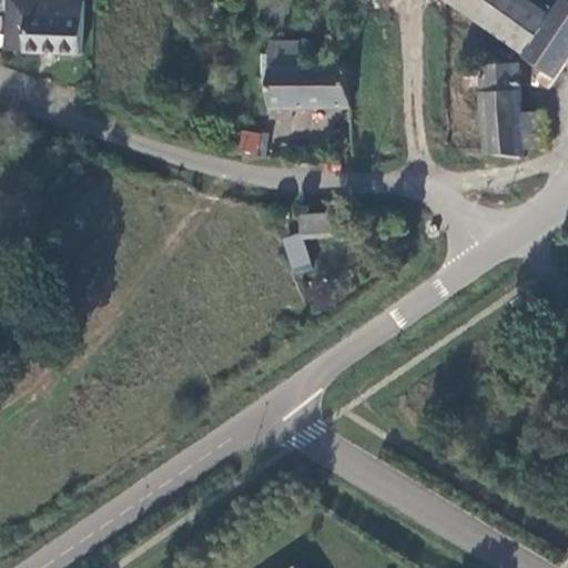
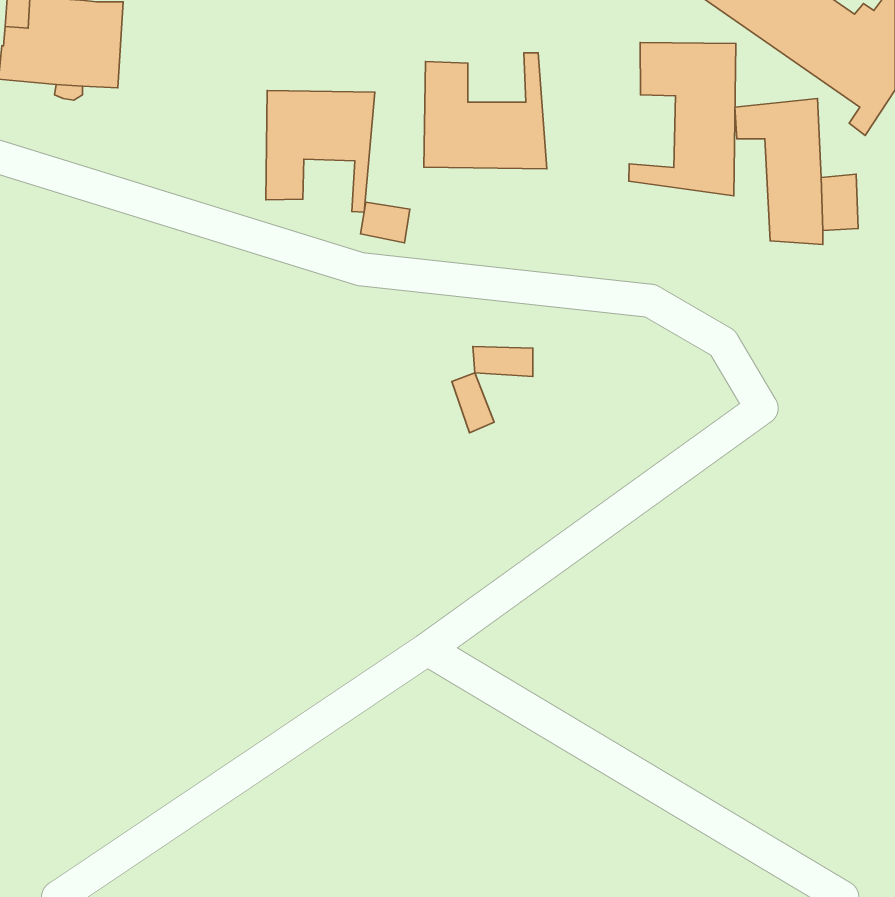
building: none -> [629,43,736,196]
building: none -> [266,90,375,212]

